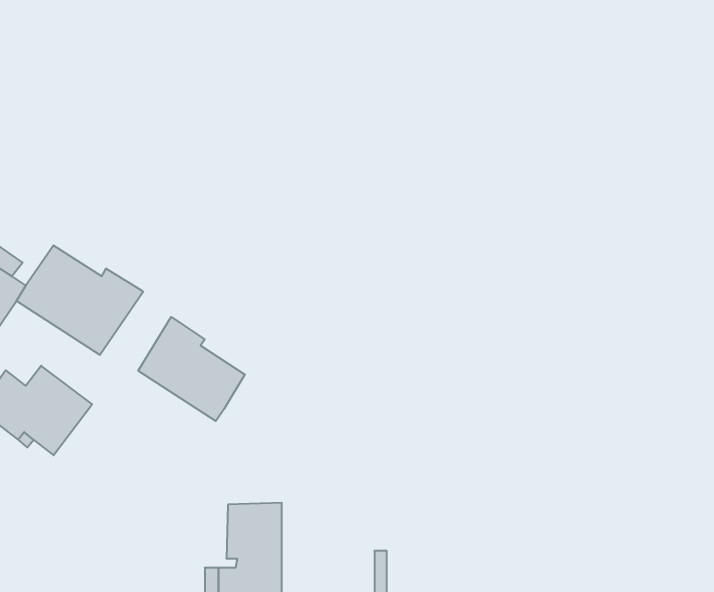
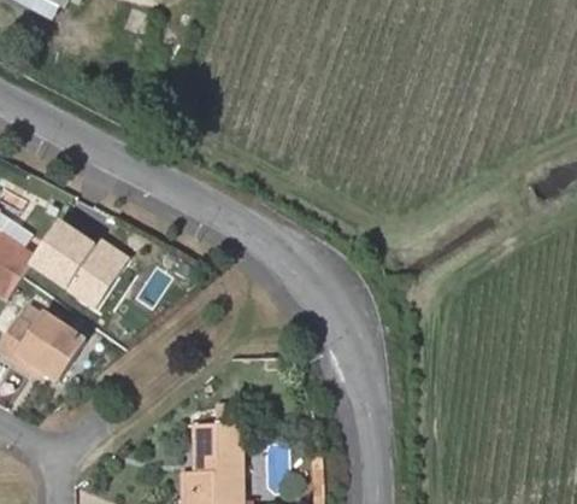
building: [138,317,245,421] -> none

